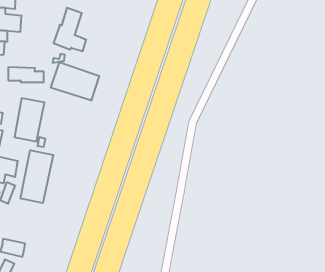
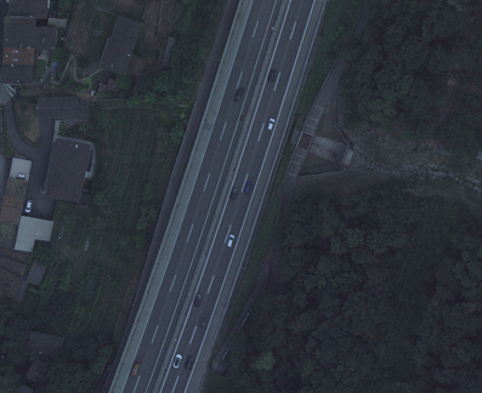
building: [51,62,99,101] -> none
building: [21,150,53,203] -> none

